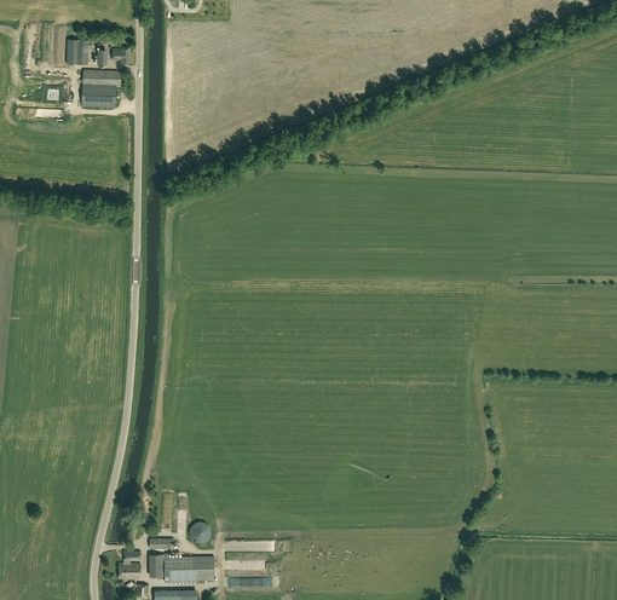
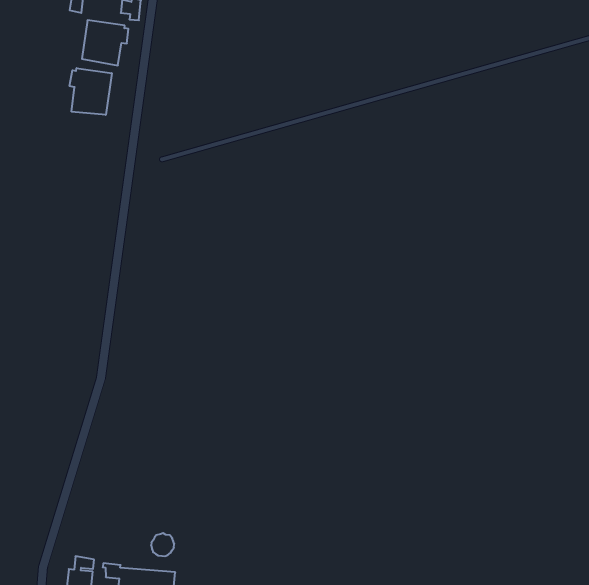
building: none -> [70,68,112,115]

